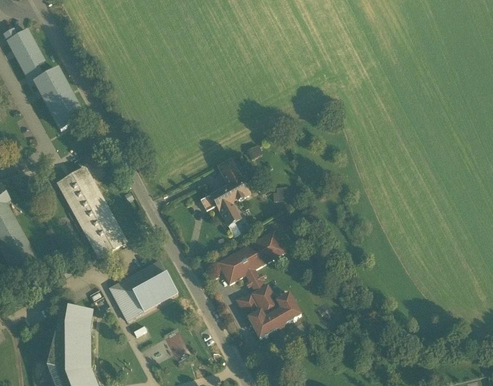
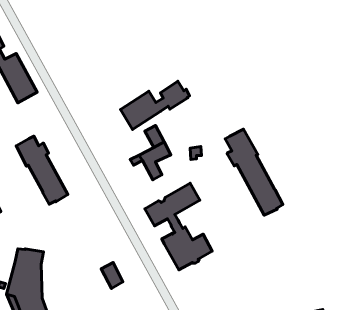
building: none -> [121,81,189,129]
building: none -> [225,129,283,215]
building: [110,260,177,320] -> none

